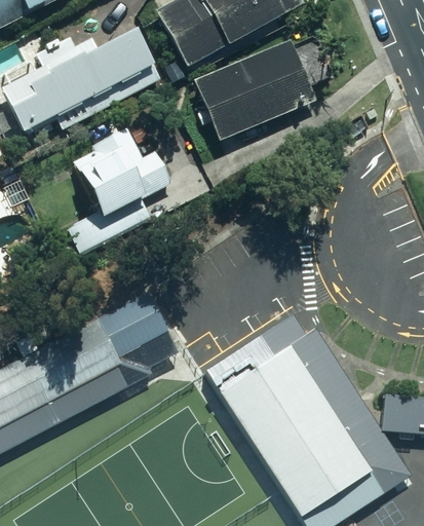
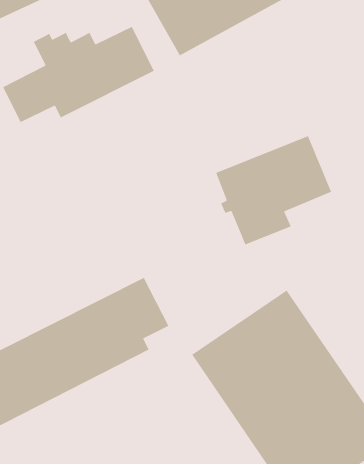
building: [194,41,316,156] -> [215,135,332,245]
building: [70,126,174,251] -> none

